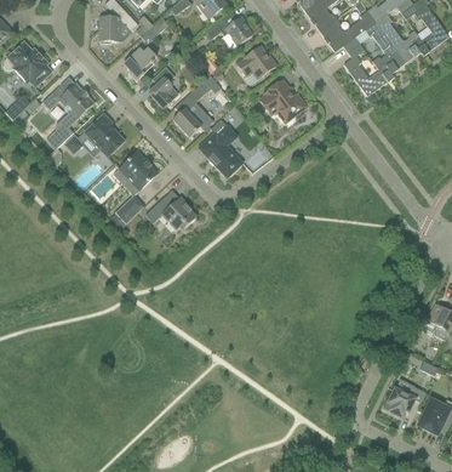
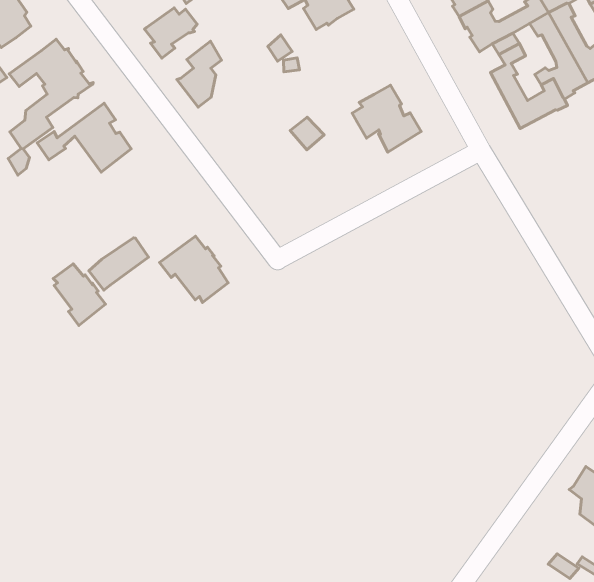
building: [238,45,276,79] -> none
building: [173,84,214,137] -> none
building: [199,125,244,177] -> none
building: [119,150,158,190] -> none
building: none -> [53,264,105,325]

